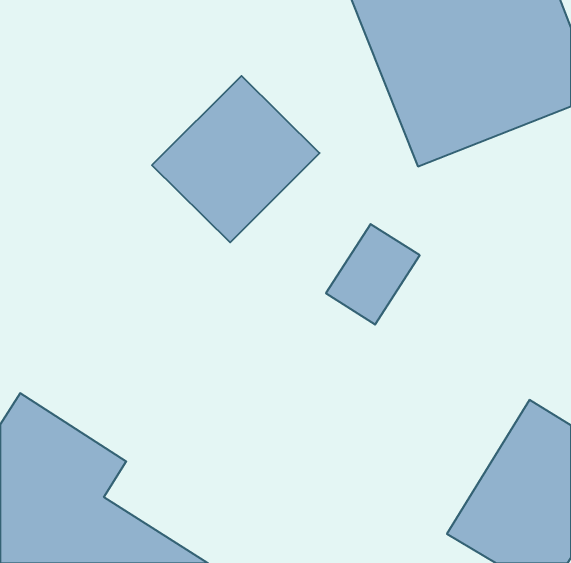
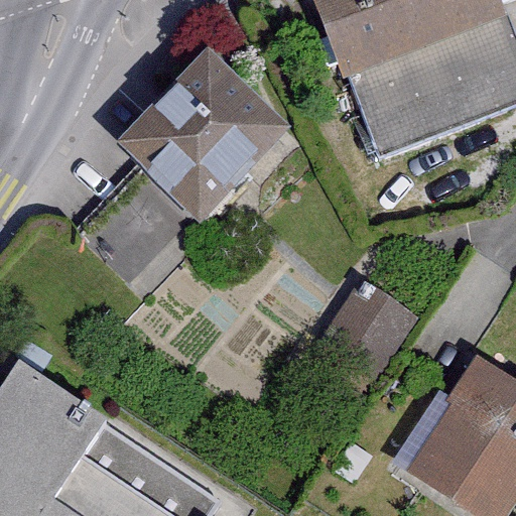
building: [326,224,420,325] -> [329,294,413,385]

